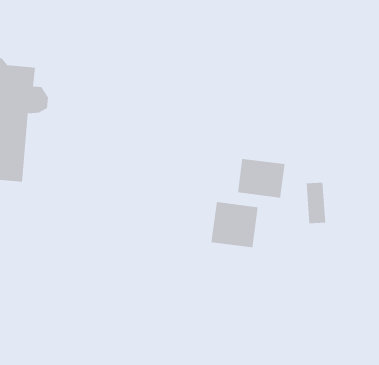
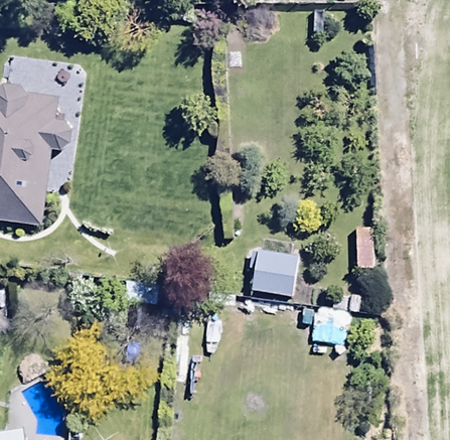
building: [237,158,285,198] -> none

